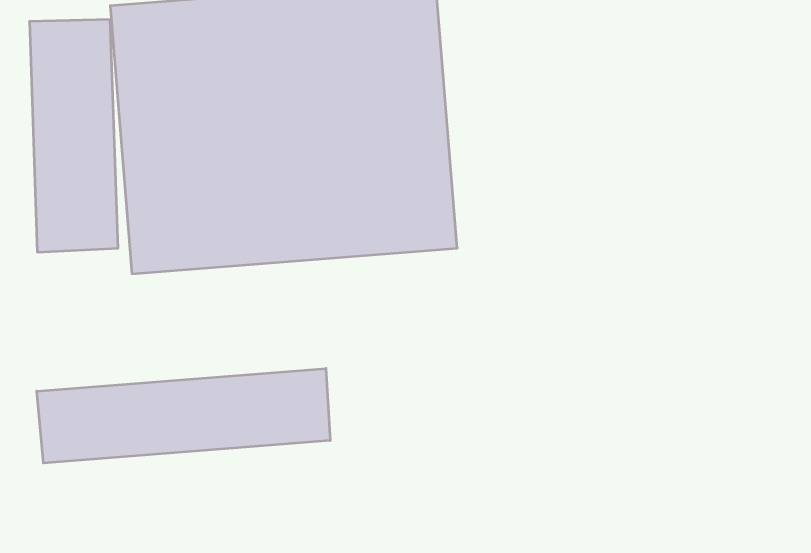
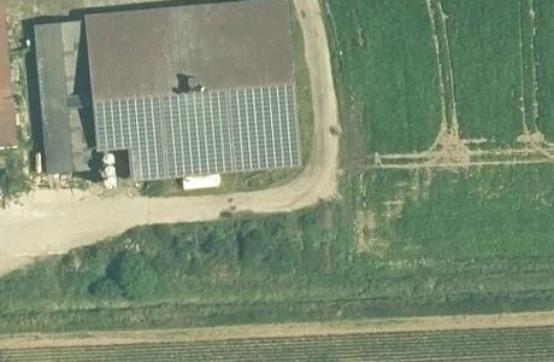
building: [37,368,330,463] -> none

